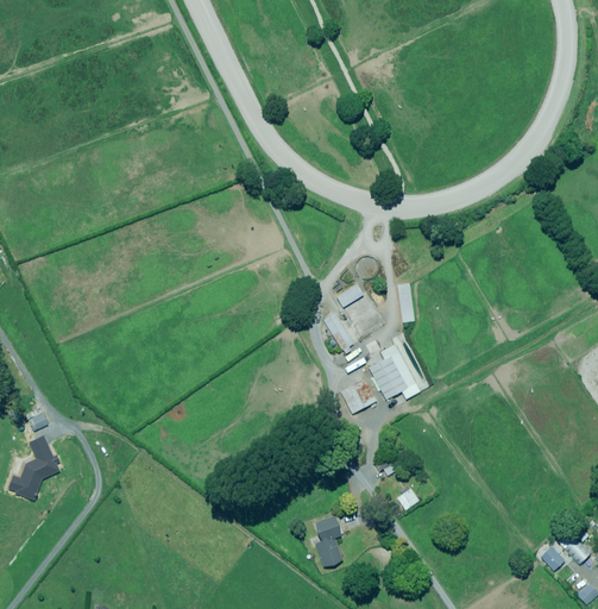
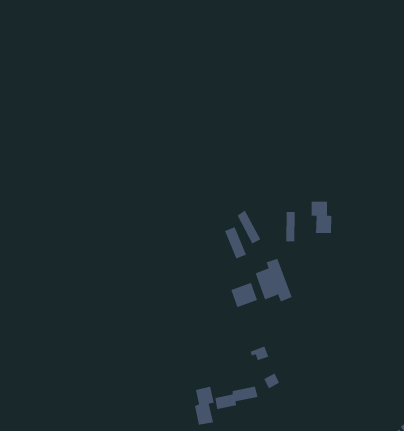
building: none -> [311,201,332,234]
building: none -> [215,386,258,410]

